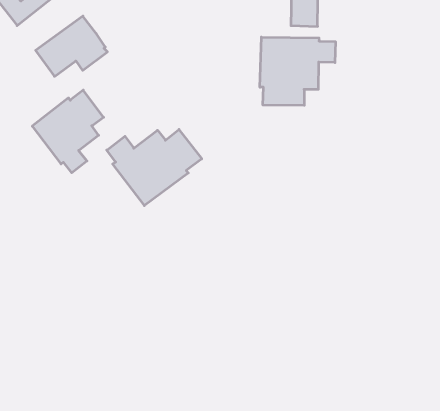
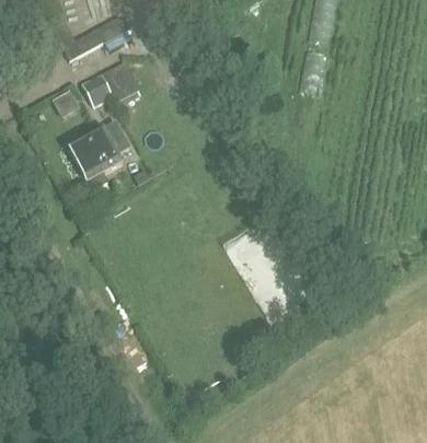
building: [260,37,335,105] -> none
building: [107,129,202,206] -> none

